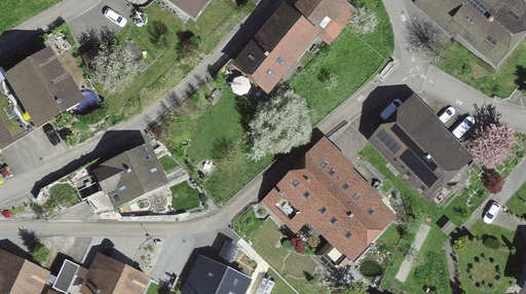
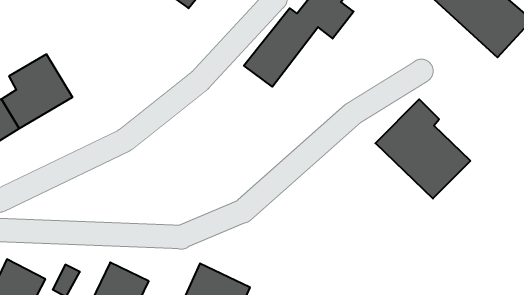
building: [81,148,161,212] -> none
building: [271,149,391,254] -> none

